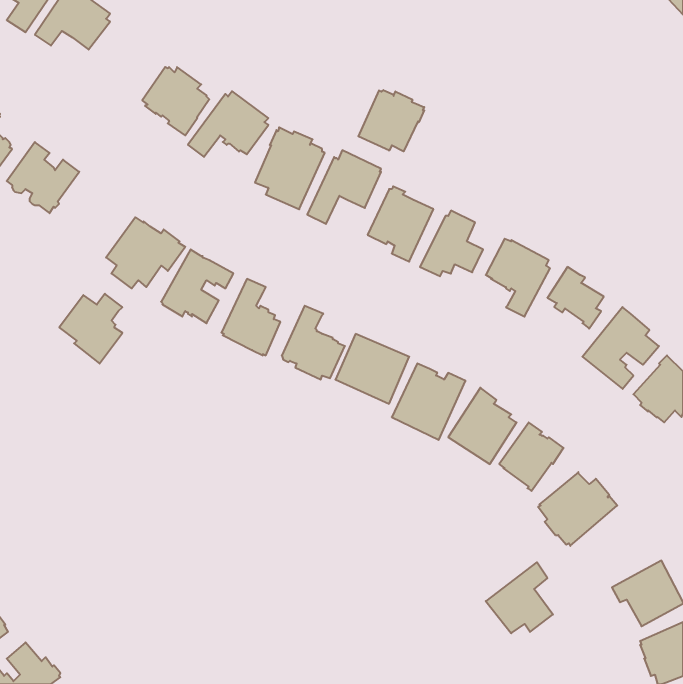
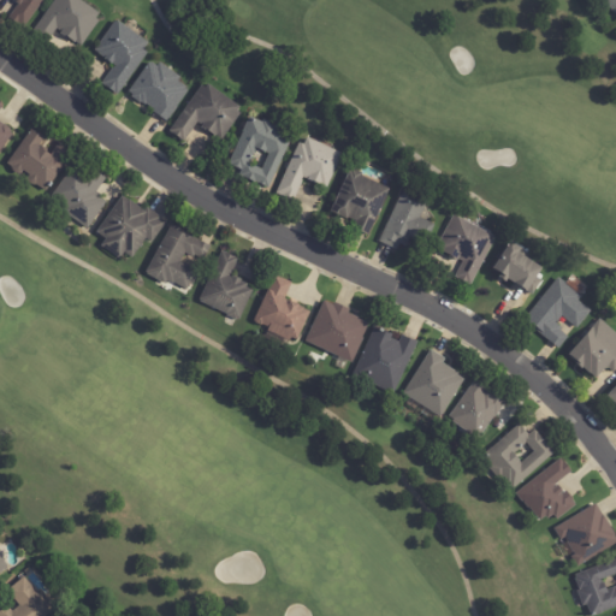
building: none -> [94,19,147,94]
building: [358,90,424,151] -> none
building: [59,294,122,364] -> [49,166,106,229]
building: [486,562,553,633] -> [511,457,571,521]

